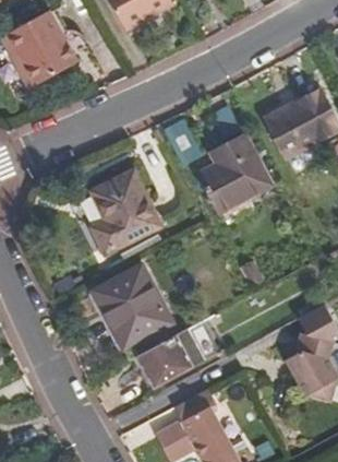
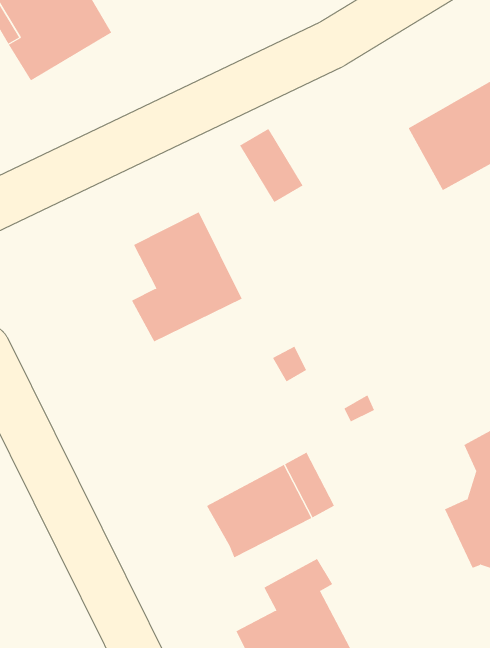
building: [197,135,271,213] -> none
building: [93,263,173,348] -> none

